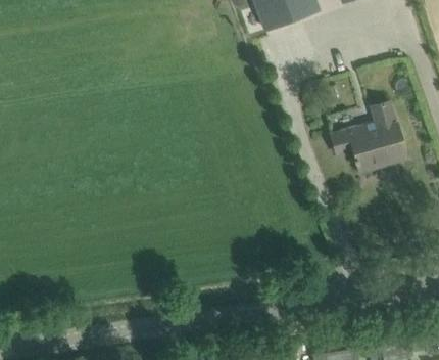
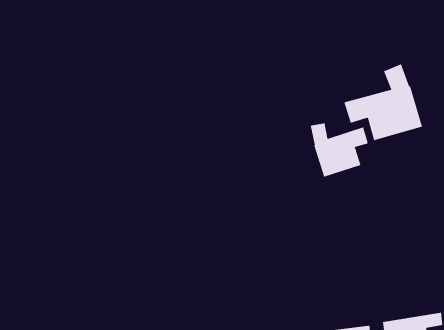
building: none -> [310,122,369,178]

